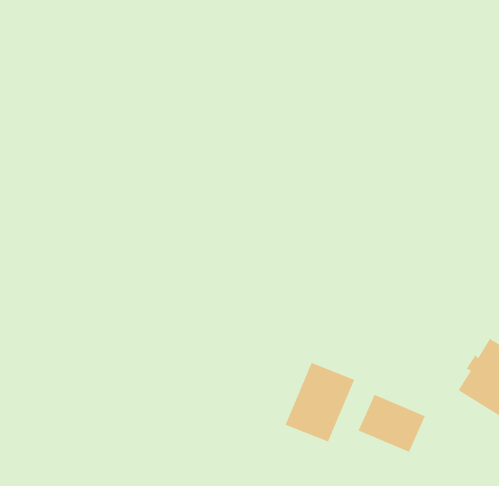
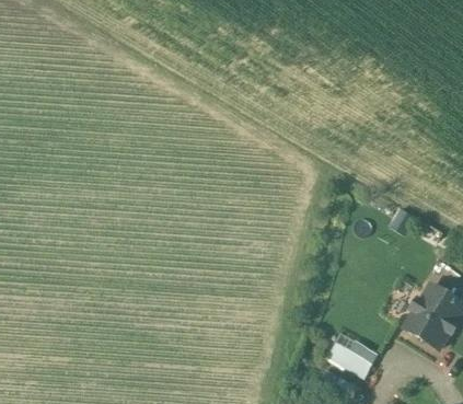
building: [284,362,355,443] -> none

